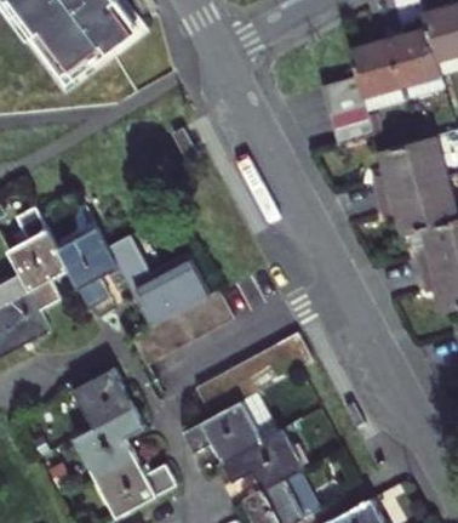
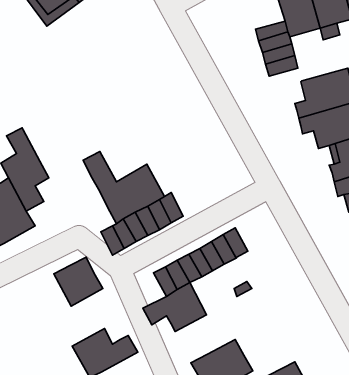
building: [56,226,119,308] -> none
building: [75,407,144,478] -> none
building: [223,428,302,488] -> none

